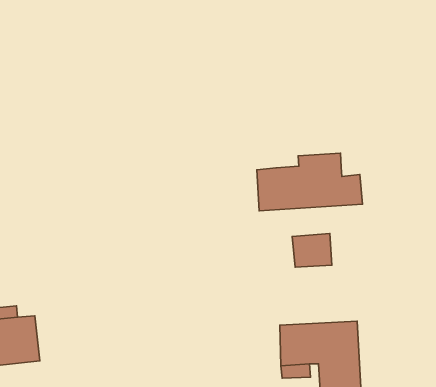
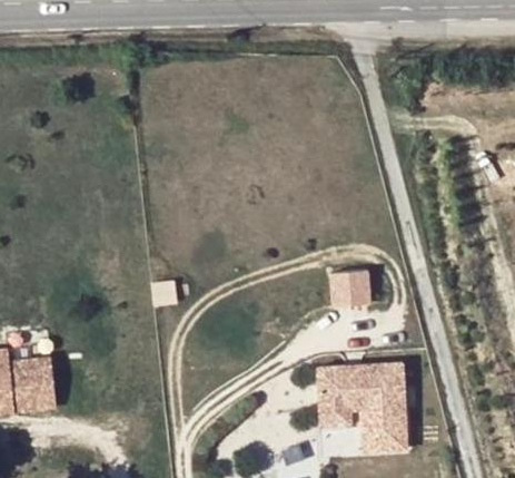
building: [257,153,362,211] -> none

